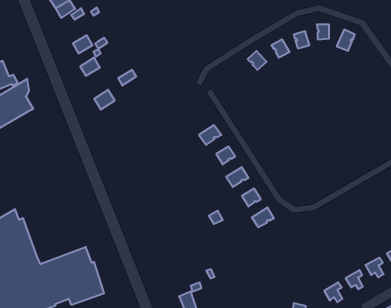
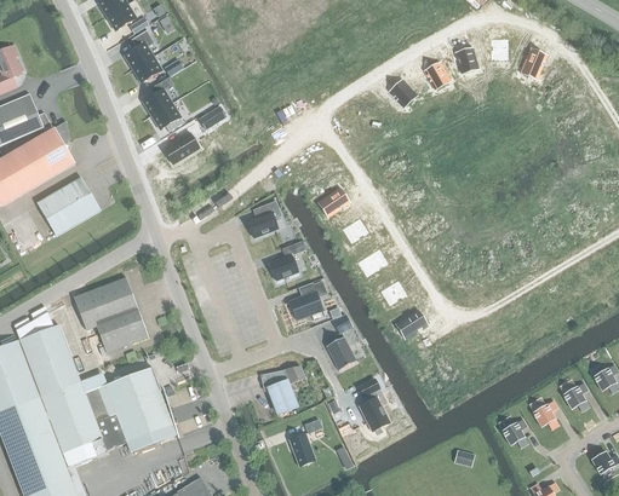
building: none -> [124,29,155,68]
building: none -> [151,103,184,132]
building: none -> [38,177,99,235]
building: none -> [247,200,281,237]
building: none -> [269,240,305,281]
building: none -> [74,277,148,352]
building: none -> [290,279,327,319]
building: none -> [326,336,356,370]
building: none -> [262,365,304,413]
building: none -> [360,377,390,431]

